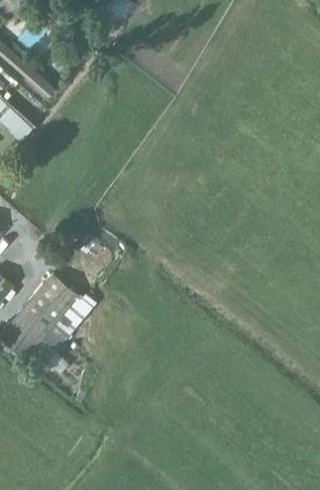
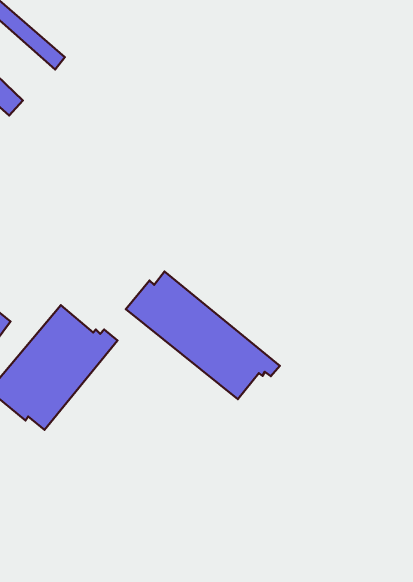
building: none -> [126,272,280,399]

